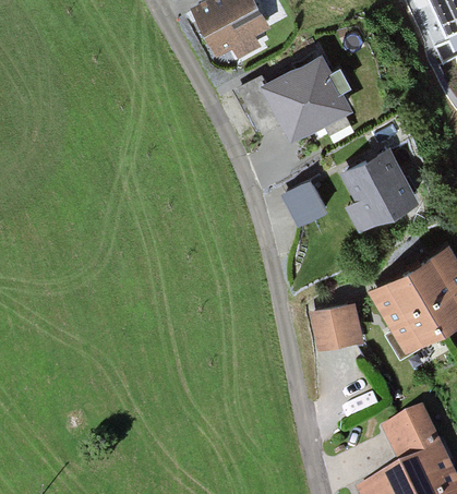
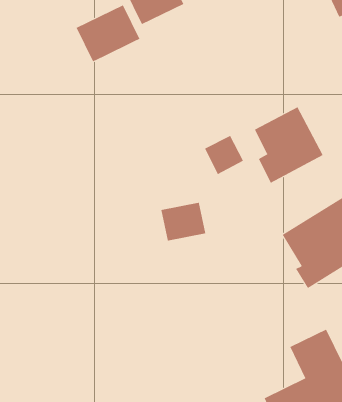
building: none -> [76,5,140,62]
building: [261,55,353,144] -> none
building: [309,305,361,350] -> [161,202,206,241]

